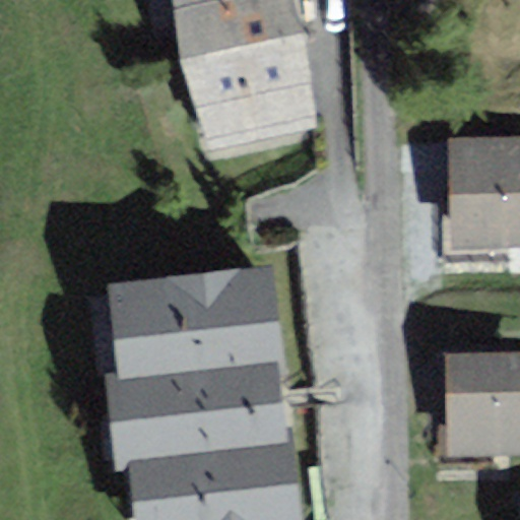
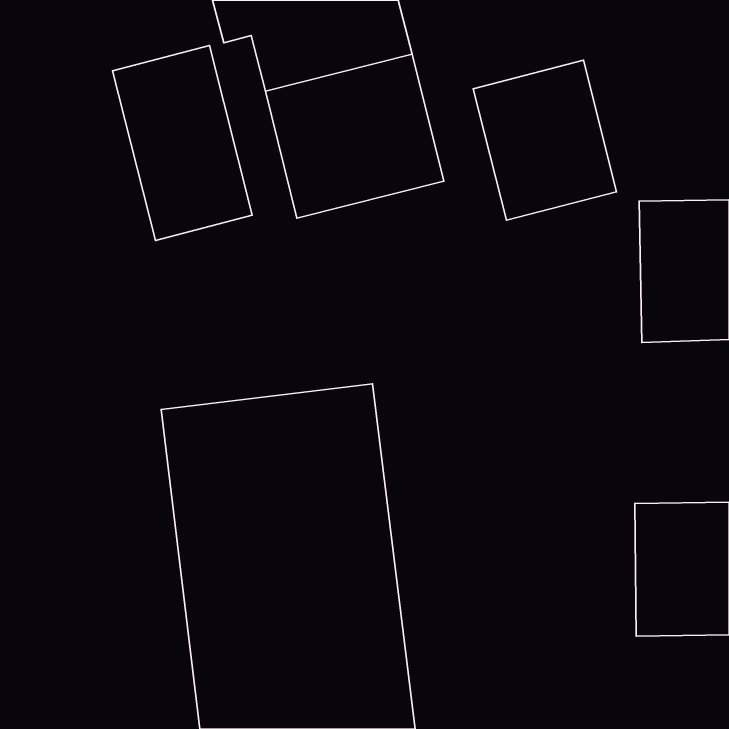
building: none -> [113,45,252,240]
building: none -> [473,60,617,220]

